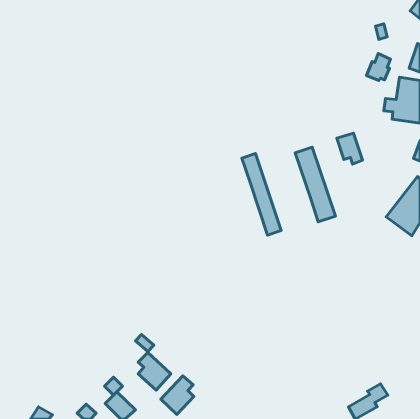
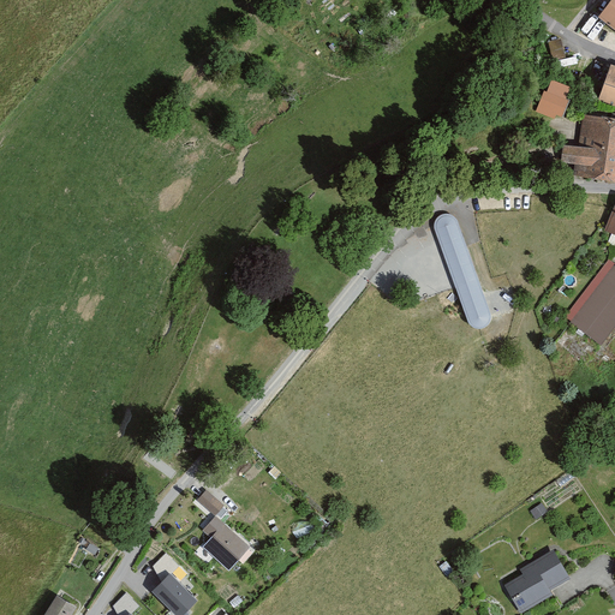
building: [337,133,363,164] -> none
building: [242,153,281,235] -> none
building: [161,376,194,414] -> none

